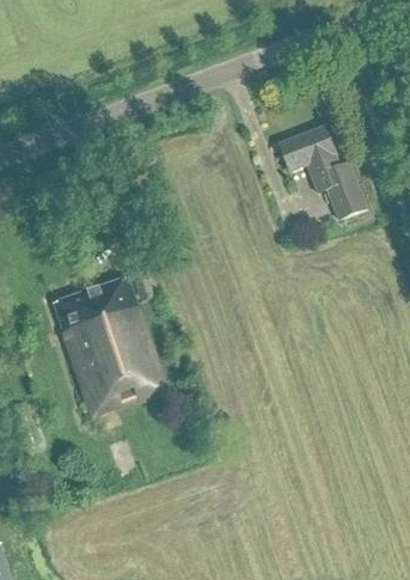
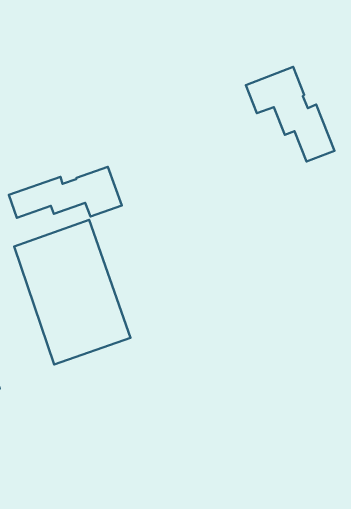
building: none -> [9,167,122,218]

